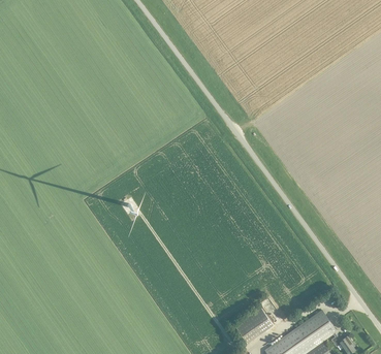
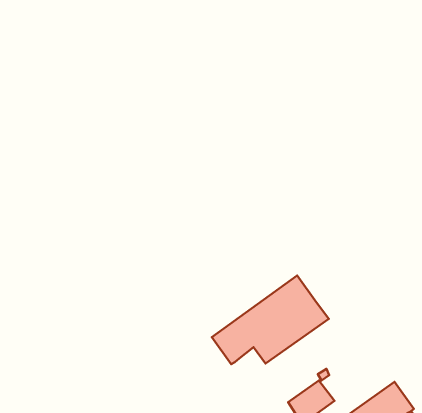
building: none -> [212,276,329,364]

